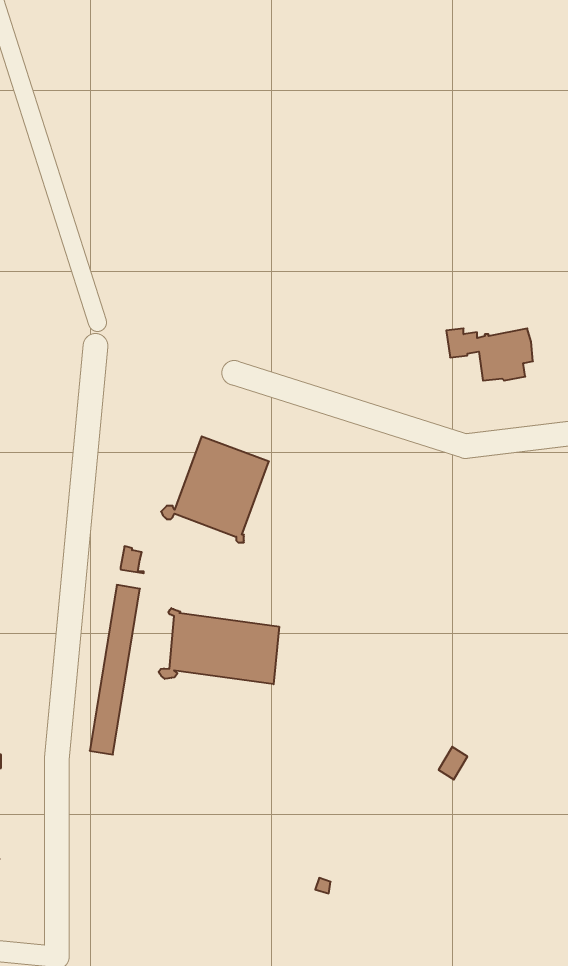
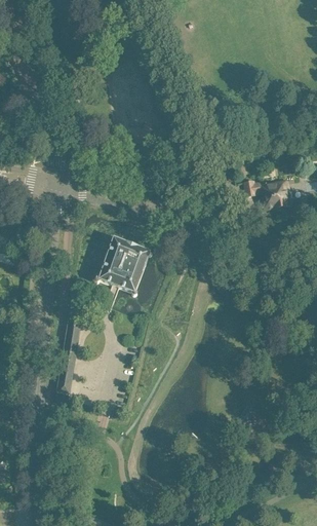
building: [159,608,279,684] -> none

